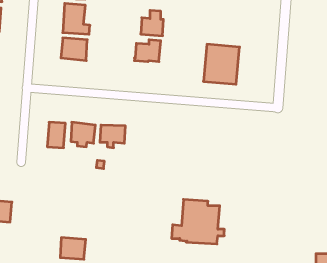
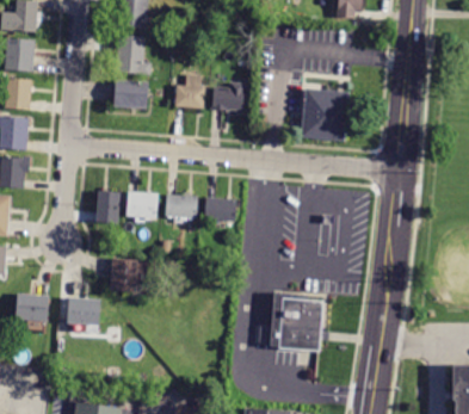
building: [141,10,163,36] -> [174,75,204,109]
building: none -> [204,197,236,221]
building: none -> [110,259,137,292]
building: [60,238,86,259] -> [67,297,100,326]

